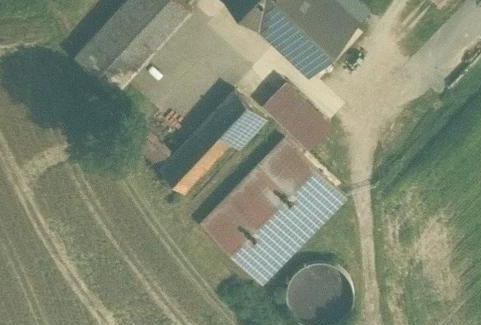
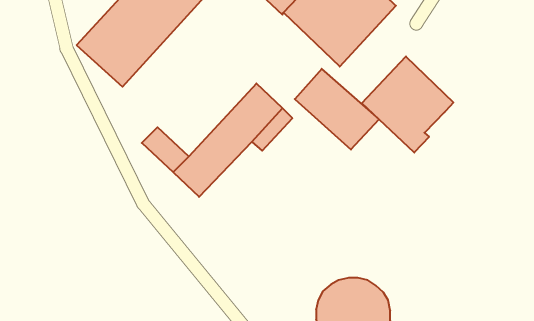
building: none -> [362,56,453,153]
building: [200,141,345,286] -> none

